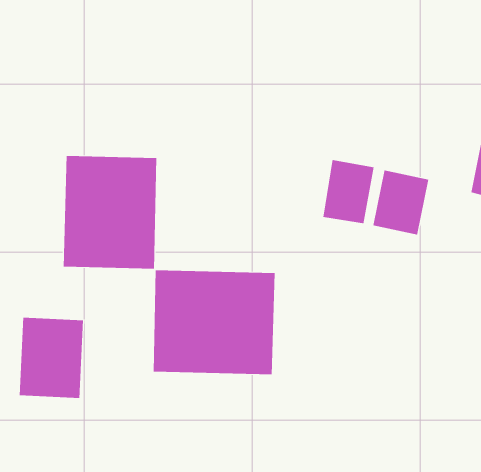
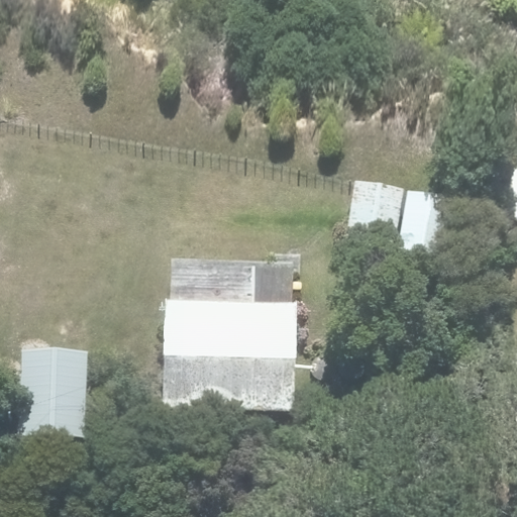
building: [63,155,157,269] -> none

